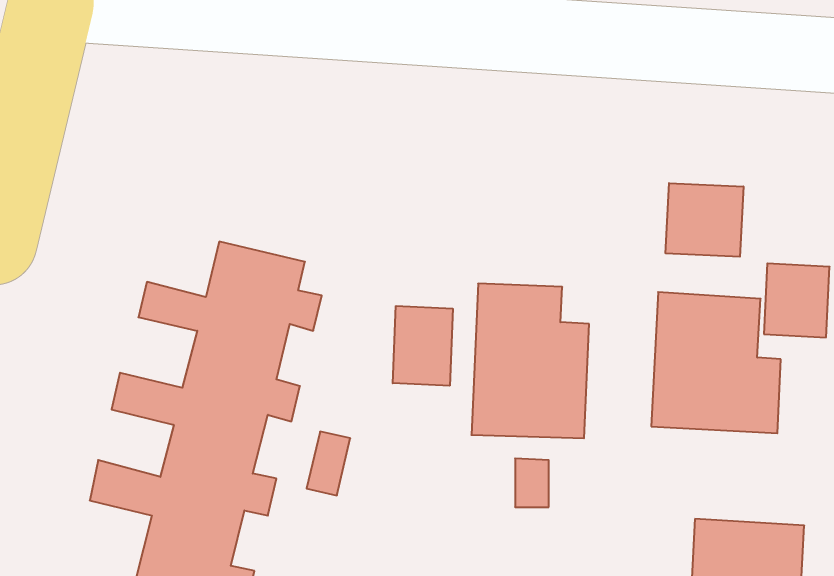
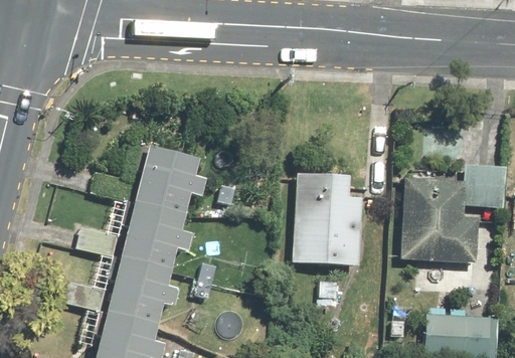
building: [666,183,743,257] -> none
building: [393,306,453,386] -> none

